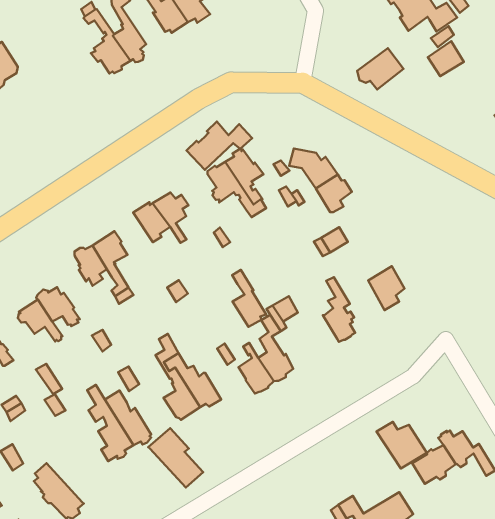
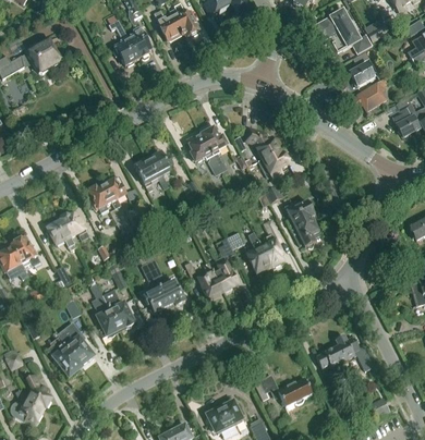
building: [357,48,403,90] -> [353,83,386,111]
building: [186,121,252,170] -> none
building: none -> [284,200,315,225]
building: [232,270,266,327] -> [246,232,269,272]
building: [377,422,427,468] -> none
building: [148,428,203,487] -> [57,322,94,365]

